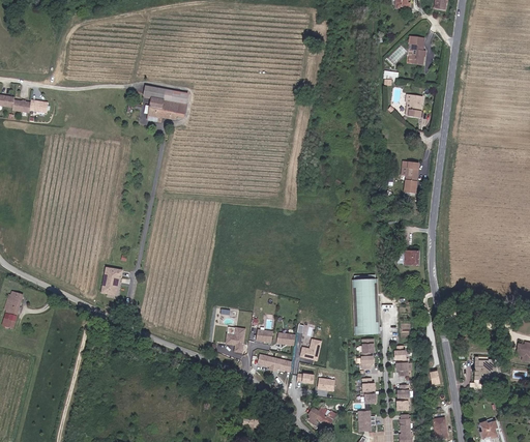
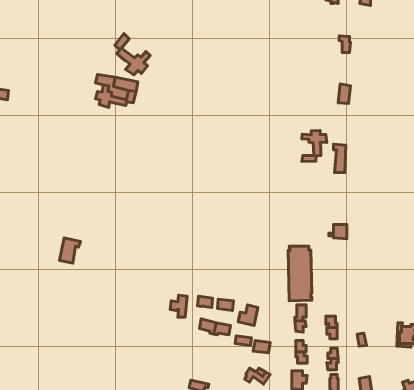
building: none -> [115,33,150,75]
building: none -> [302,131,327,162]

